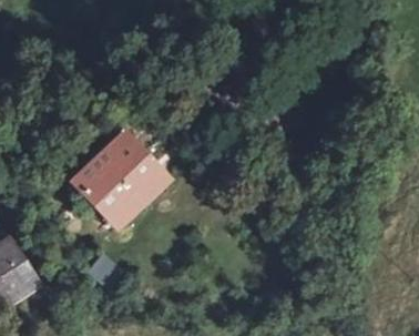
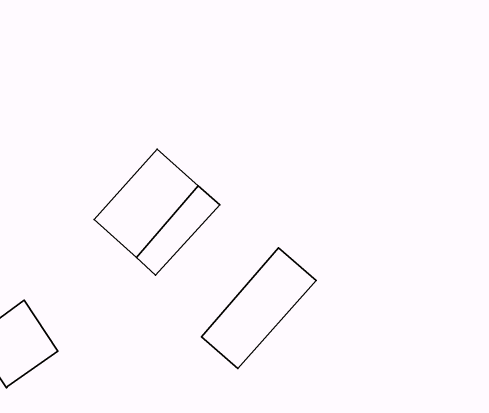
building: none -> [201,248,316,369]

